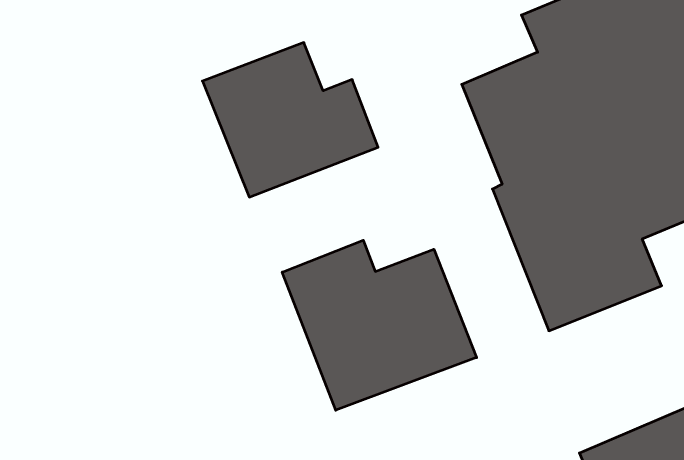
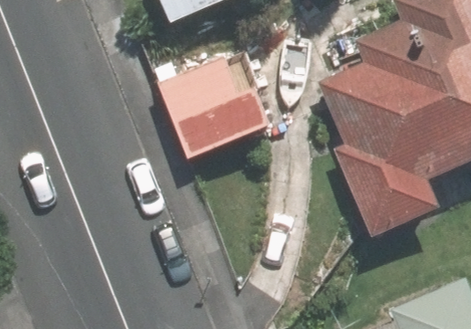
building: [282,240,477,410] -> none

